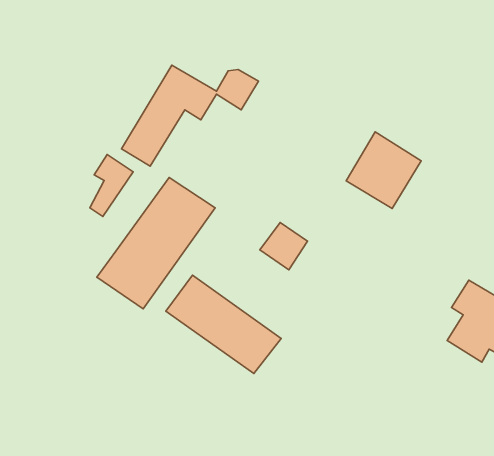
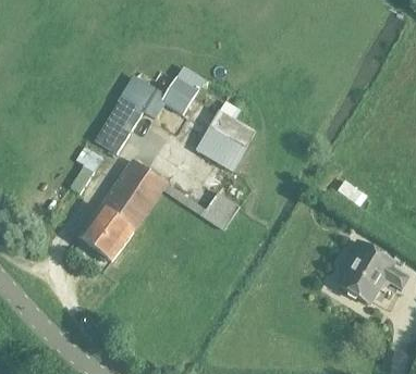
building: [346,132,421,208] -> [204,114,260,172]
building: [166,275,281,373] -> none

